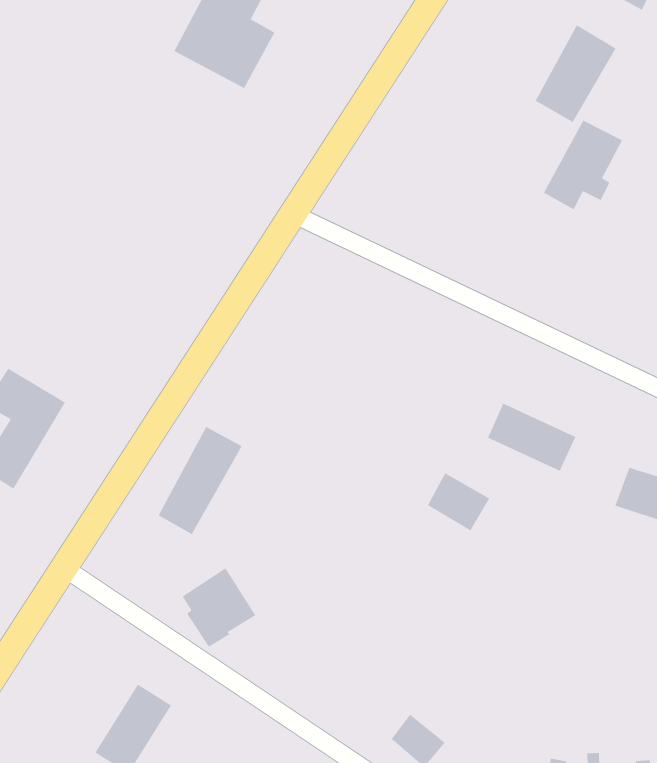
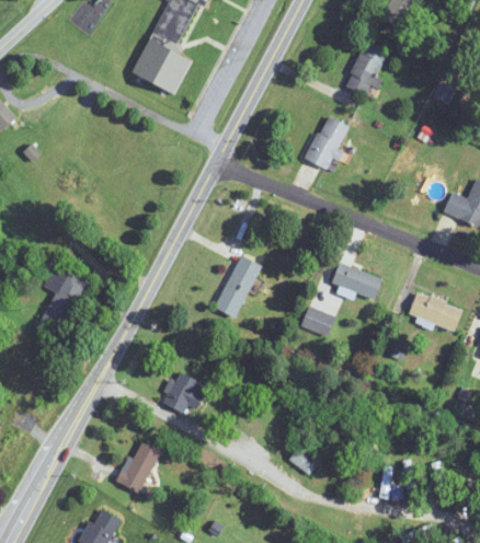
building: [543,120,623,210] -> [305,116,348,169]
building: [158,426,242,535] -> [215,255,261,319]

